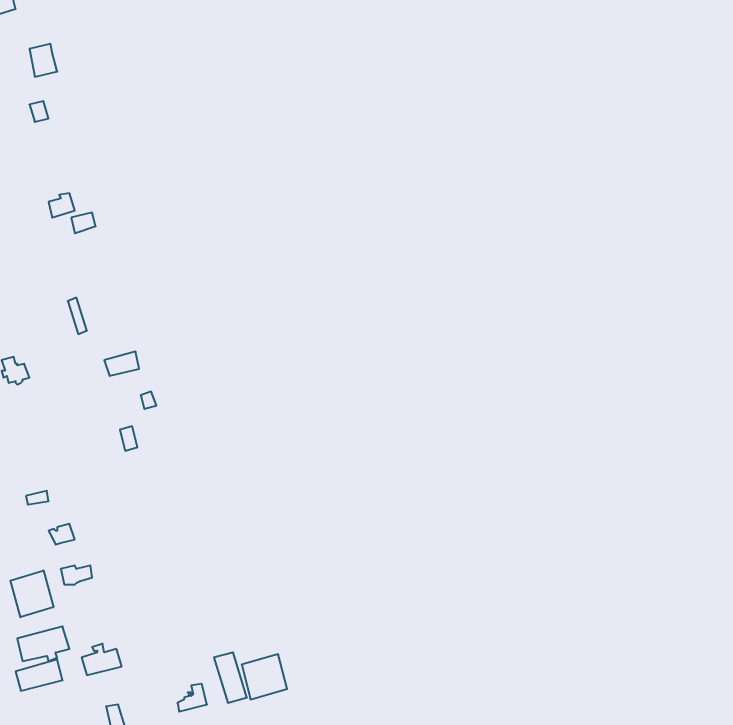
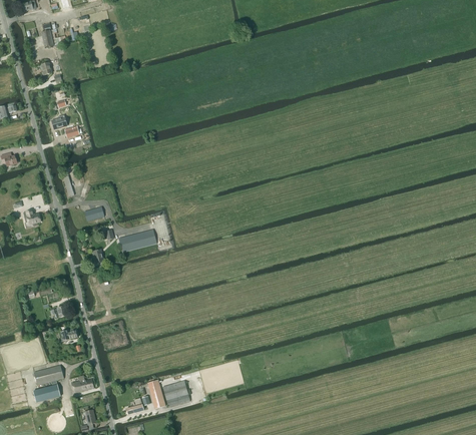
building: none -> [118,230,156,253]
building: [10,570,53,617] -> none

